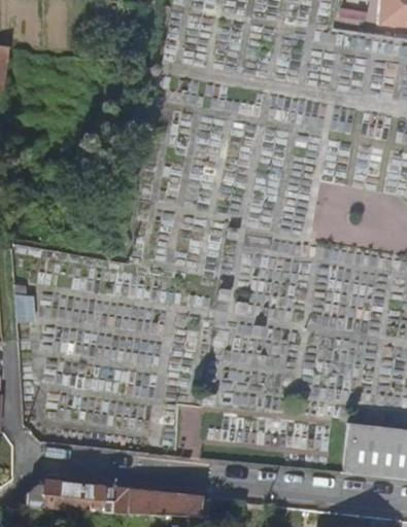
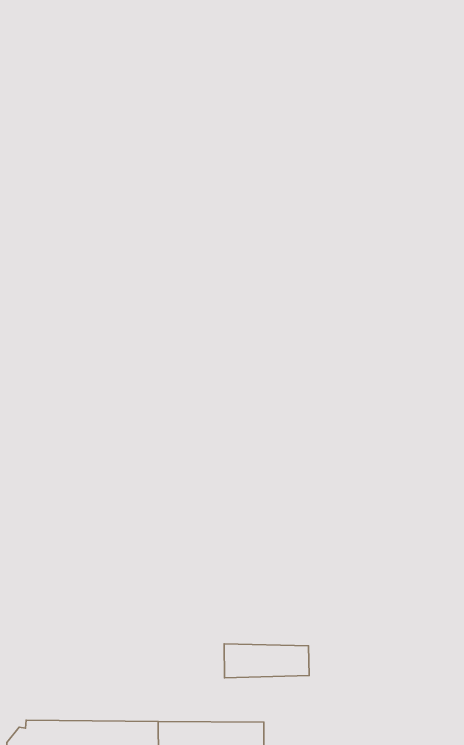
building: none -> [224,644,309,678]

